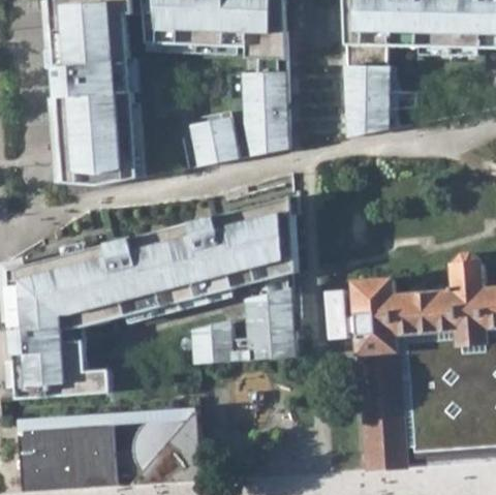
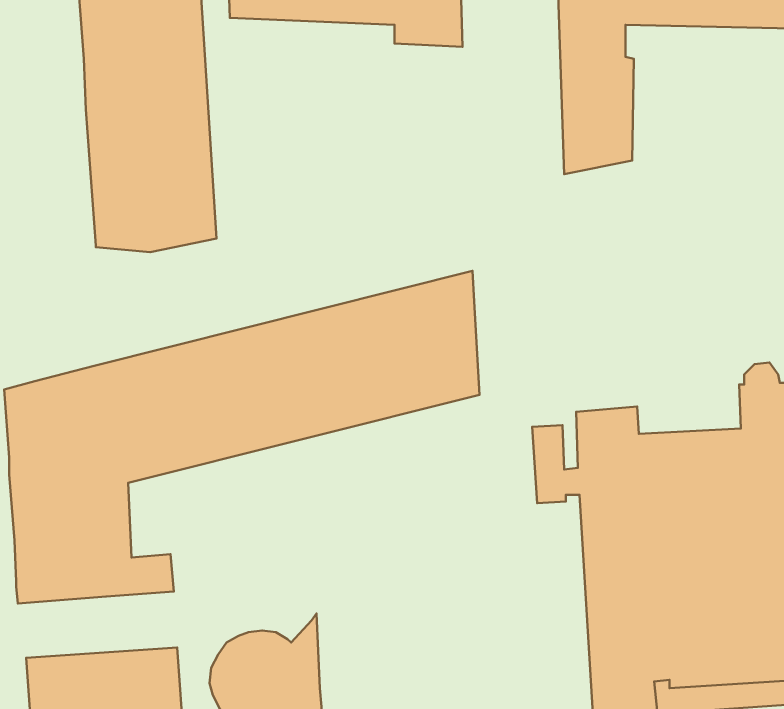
building: [244,70,288,154] -> none
building: [192,116,239,164] -> none
building: [192,287,295,362] -> none

